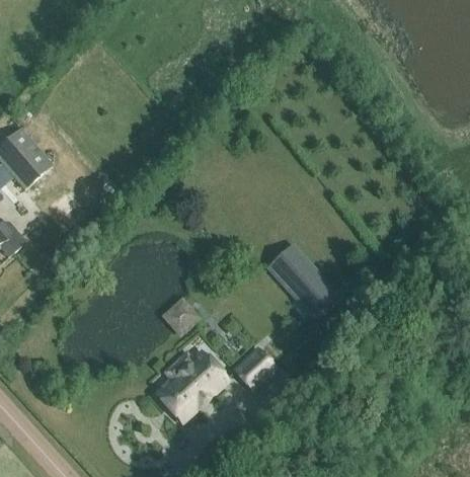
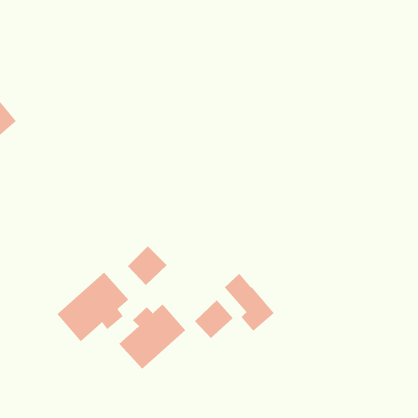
building: [283,254,335,315] -> [224,273,275,332]
building: none -> [57,272,129,342]

